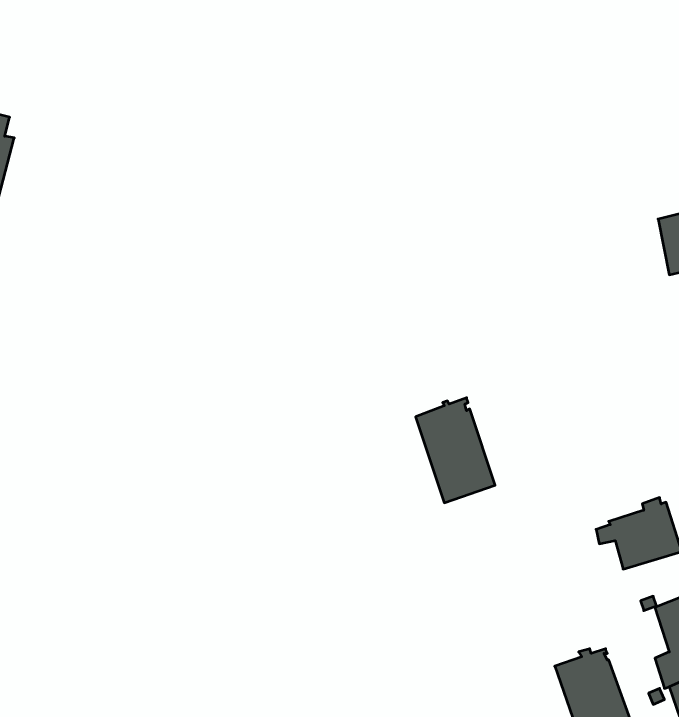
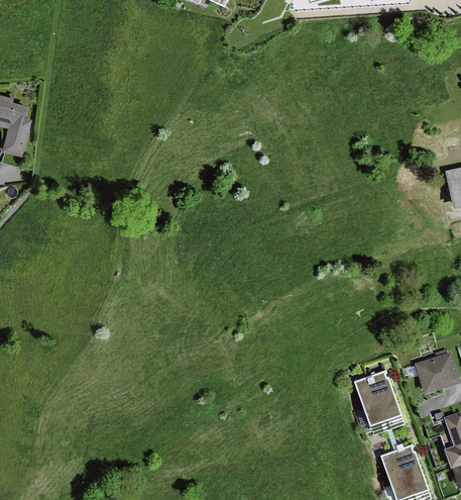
building: [416,398,495,503] -> [353,369,404,435]

